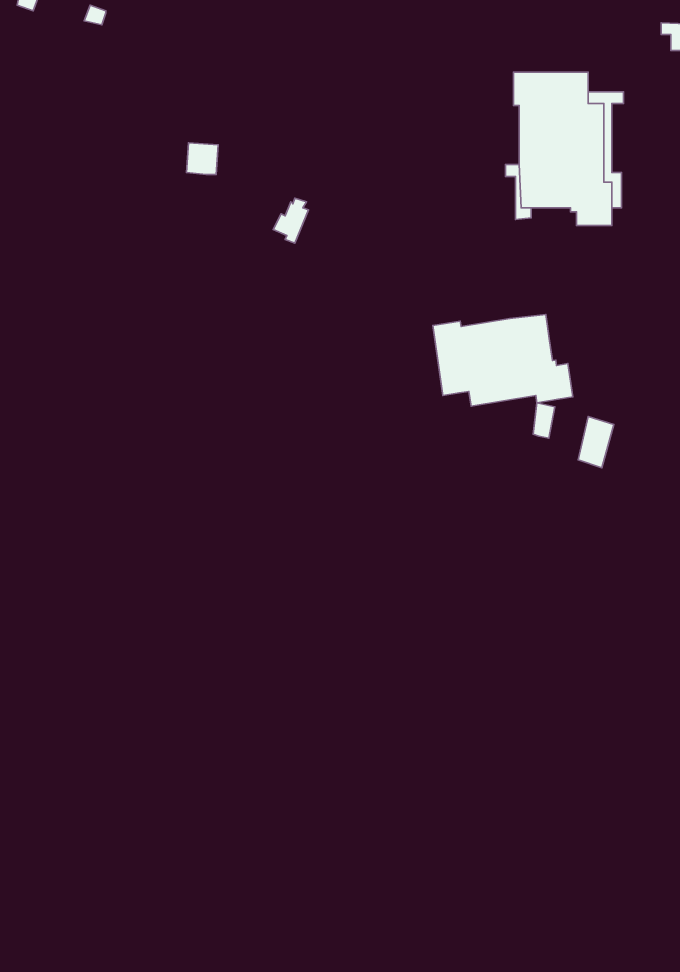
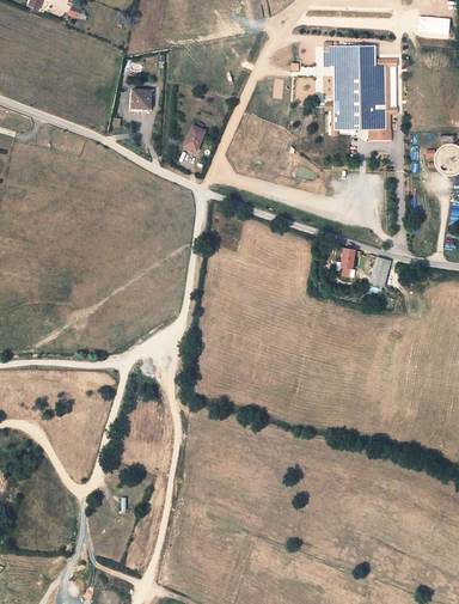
building: [433,314,573,406] -> none

